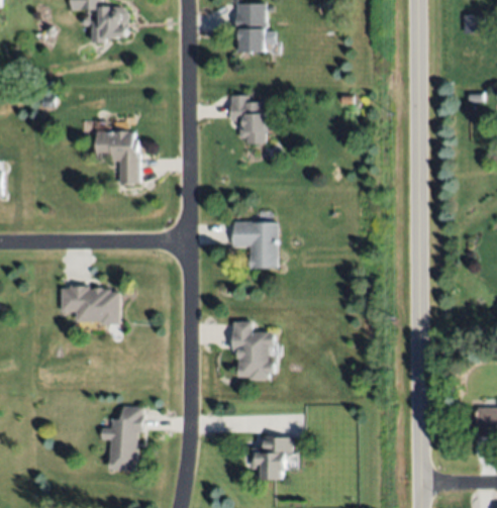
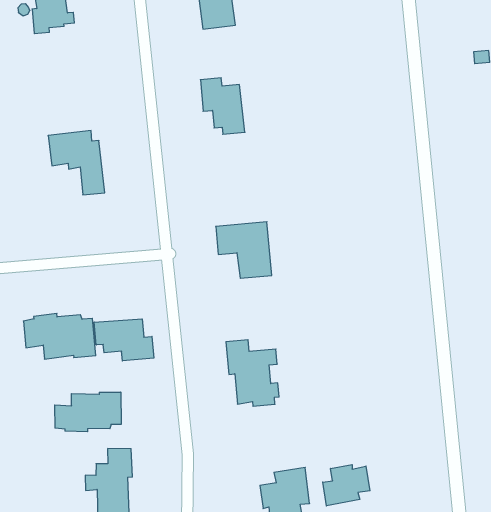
building: none -> [94,319,154,361]
building: none -> [55,392,121,432]
building: none -> [323,465,370,506]

